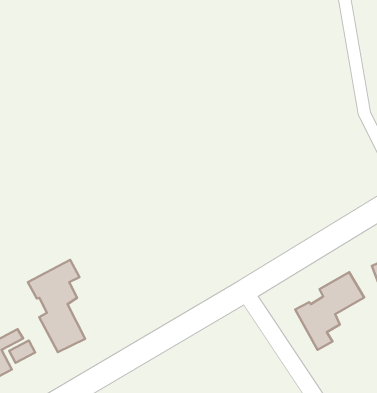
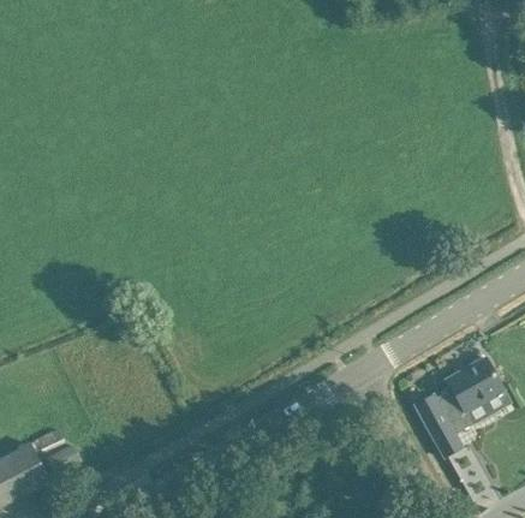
building: [28,260,85,352] -> none

